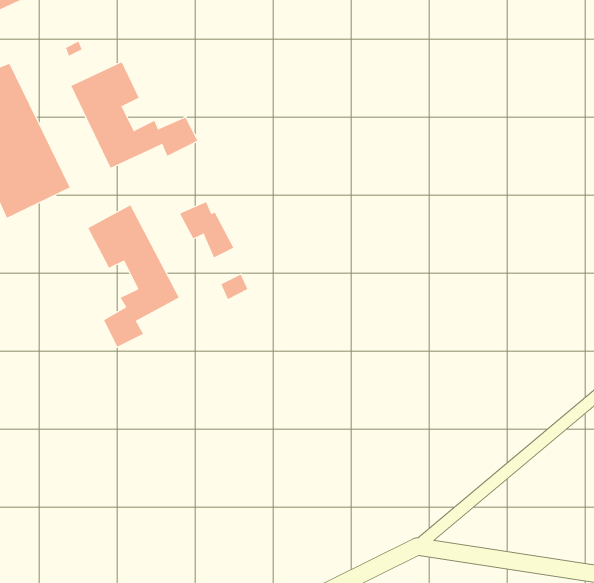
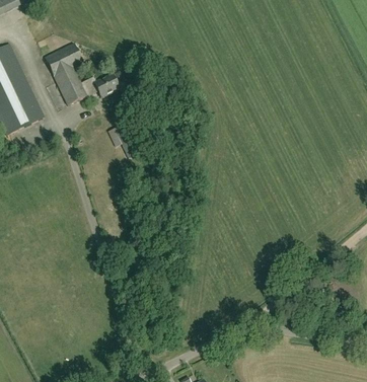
building: [88,205,179,347] -> none

